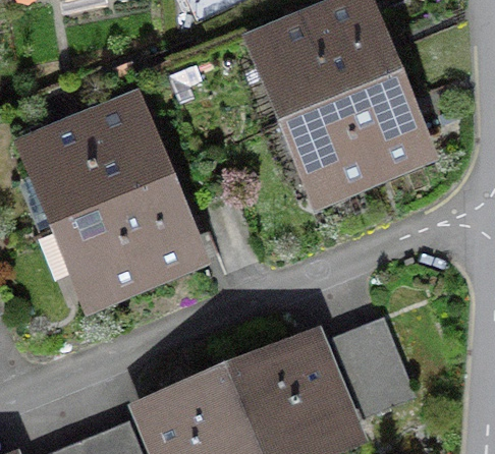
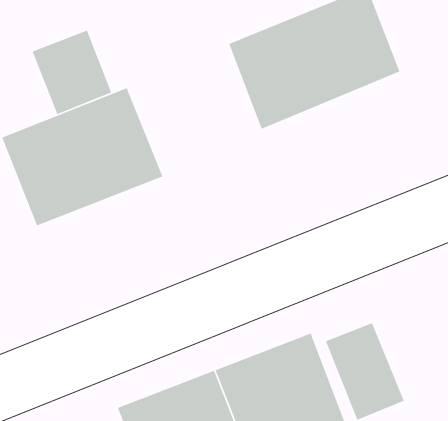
building: none -> [31,29,112,115]
building: [271,74,444,218] -> none
building: [51,177,207,306] -> none

